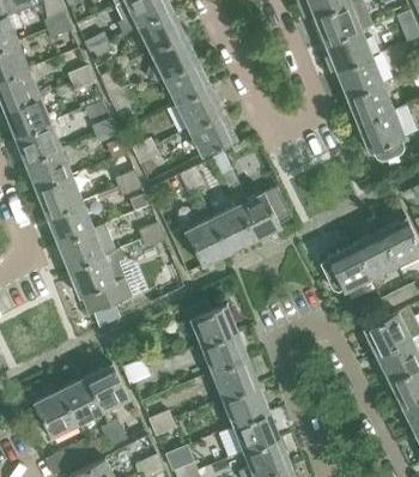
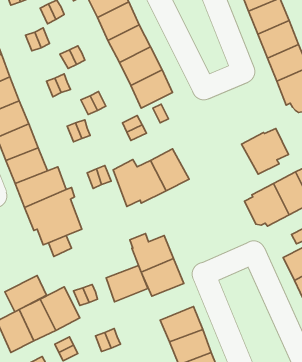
building: [236,186,290,239] -> [241,128,288,174]
building: none -> [5,276,46,312]
building: [212,358,260,400] -> [106,265,148,302]

